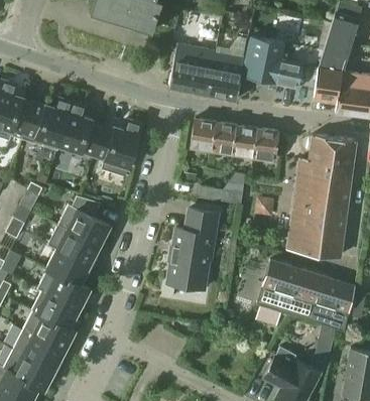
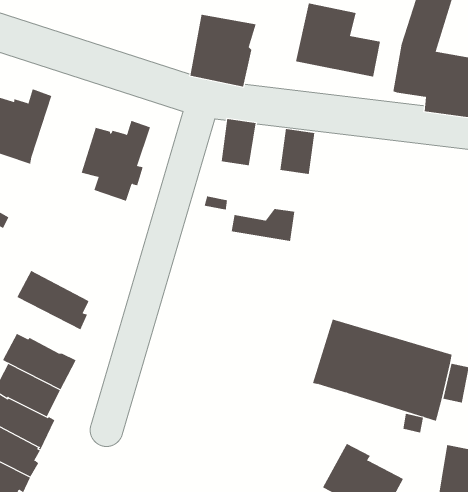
building: [208,51,245,101] -> none
building: [58,102,103,156] -> none
building: [212,121,237,154] -> none
building: [254,128,279,160] -> none
building: [289,134,357,256] -> none
building: [57,195,110,247] -> none
building: [167,209,216,290] -> none
building: [45,244,93,283] -> none

